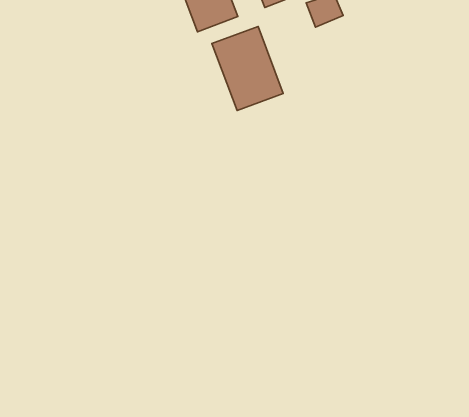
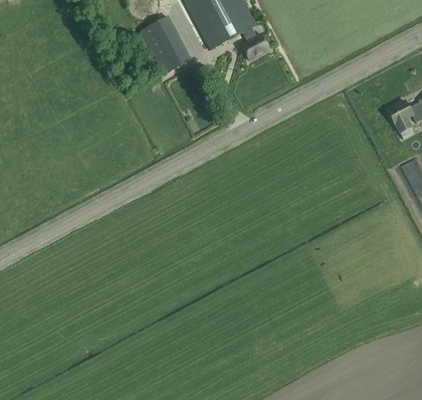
building: [212,27,283,110] -> none

